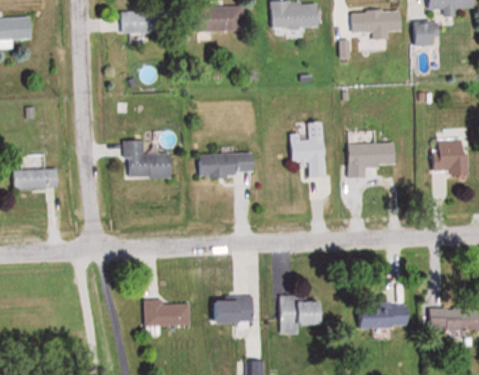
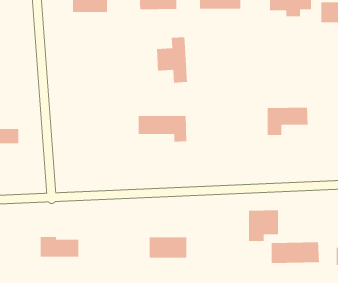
building: [289,122,326,177] -> [156,36,188,83]
building: [126,141,172,178] -> none
building: [280,295,316,333] -> [248,209,279,242]
building: [143,300,189,325] -> [40,236,79,257]

